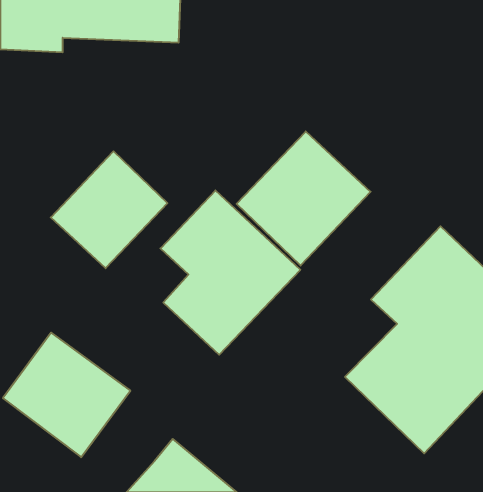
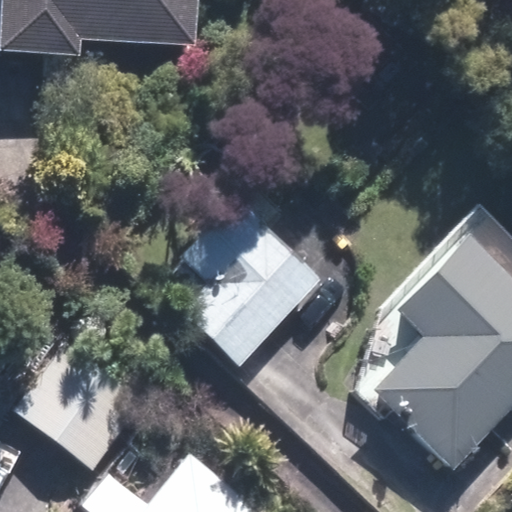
building: [237,131,371,266] -> none
building: [51,151,167,268] -> none

